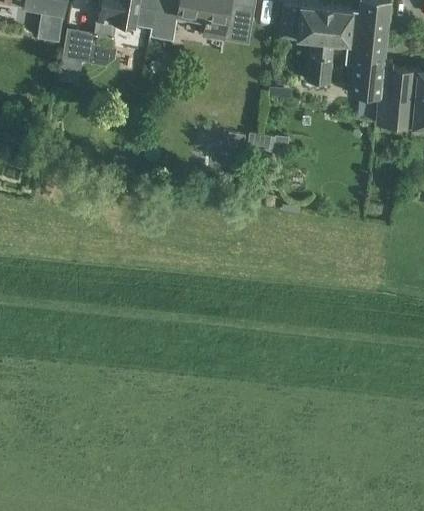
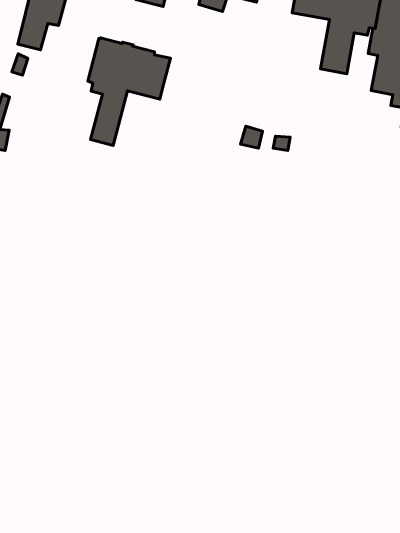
building: none -> [88,38,170,145]

